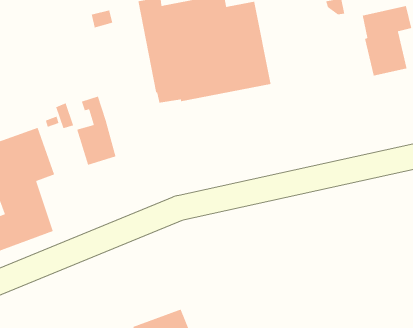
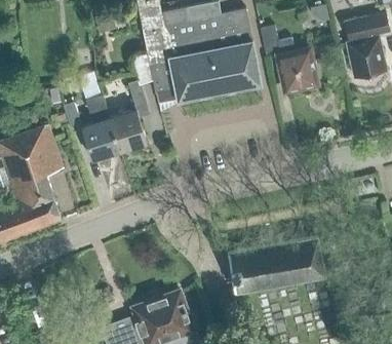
building: none -> [260,26,316,91]
building: none -> [109,80,149,152]
building: none -> [227,236,323,290]

